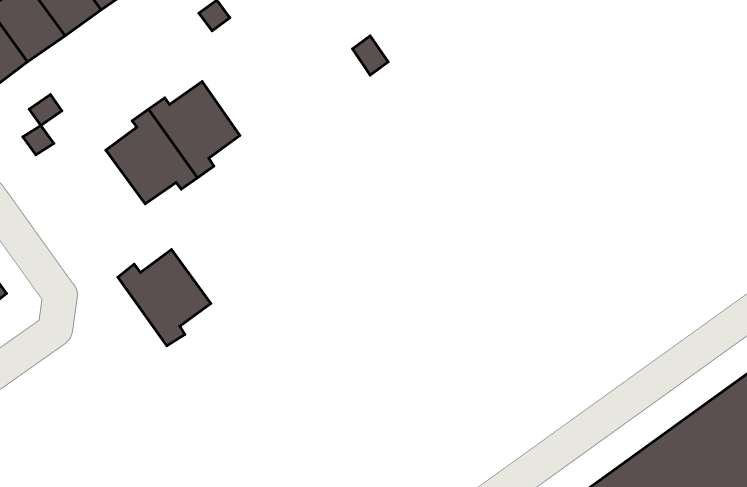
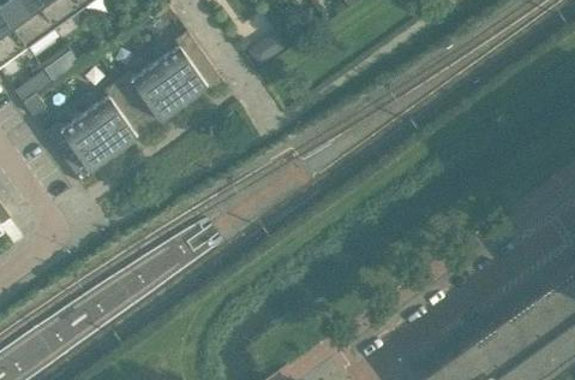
building: none -> [154,30,221,101]
building: [118,250,211,346] -> [43,112,112,183]

